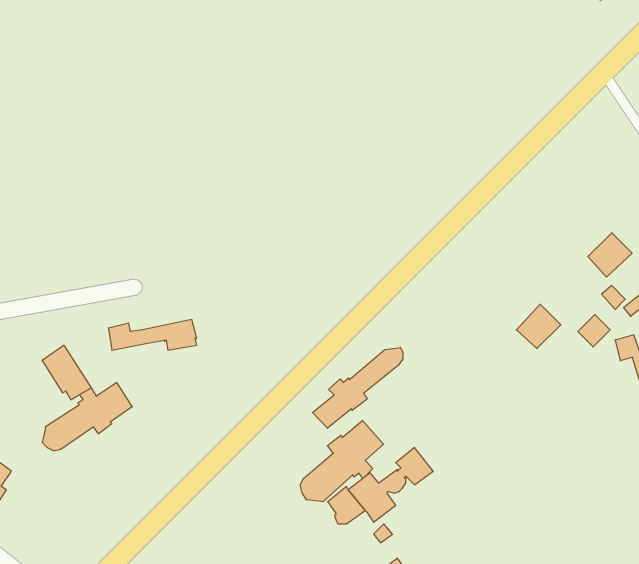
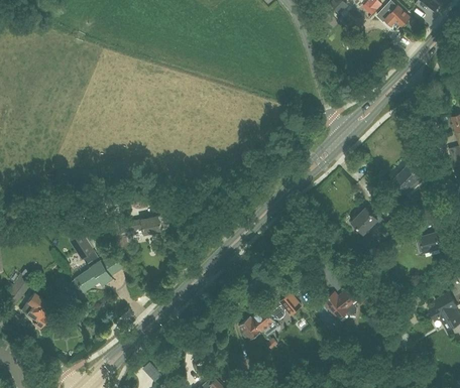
building: [312,347,403,428] -> none
building: [300,420,384,502] -> none
building: none -> [324,288,369,318]

